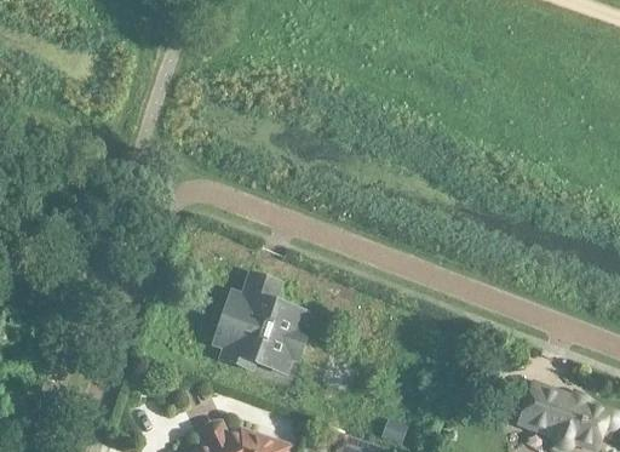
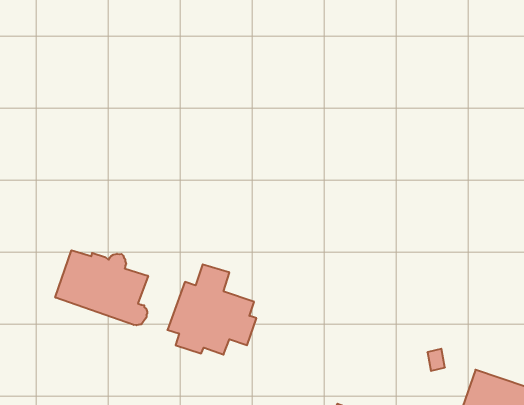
building: none -> [55,250,148,325]

